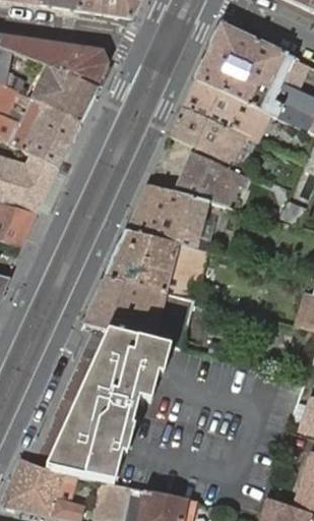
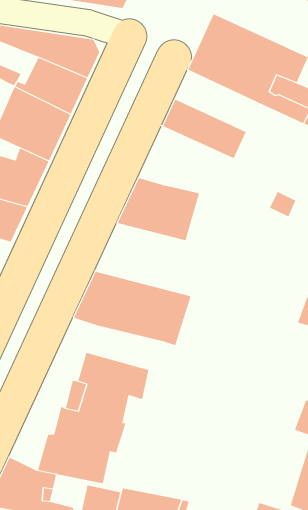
building: [182,78,267,140] -> none
building: [171,150,245,206] -> none
building: [104,229,207,300] -> none
building: [95,329,170,373] -> none

